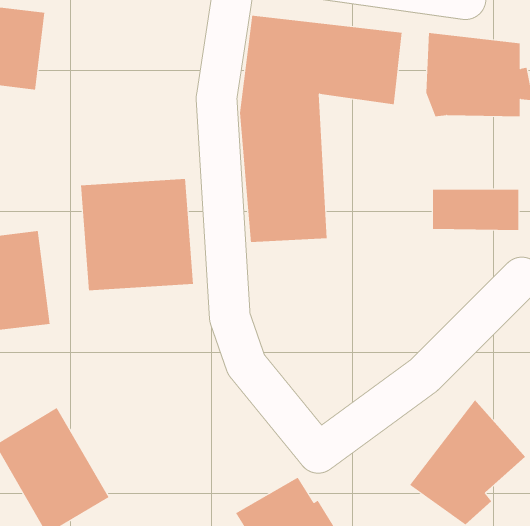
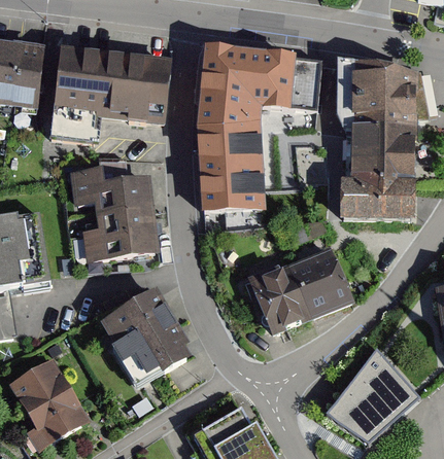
building: none -> [50,49,168,140]
building: none -> [353,127,411,183]
building: none -> [249,248,350,327]
building: none -> [99,291,193,395]

